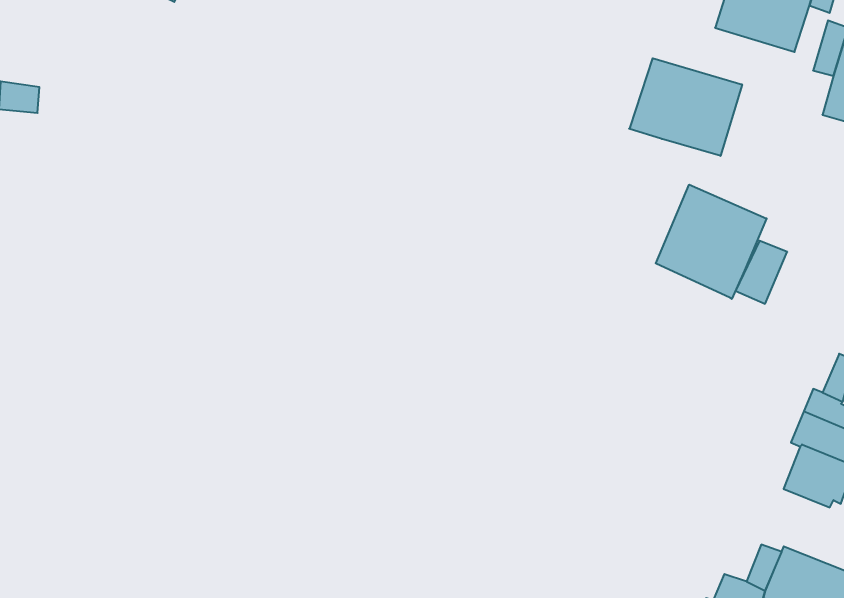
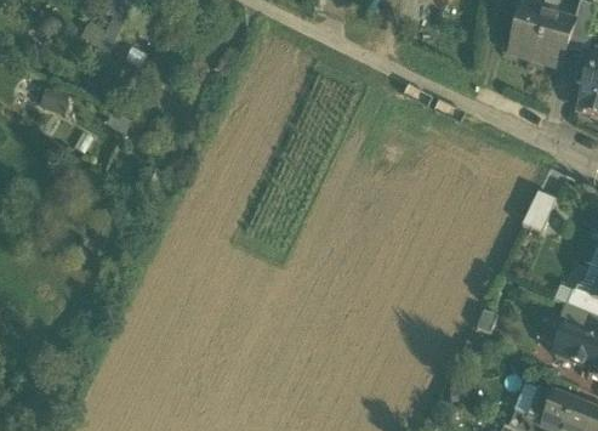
building: [629,58,742,156] -> none
building: [656,185,767,299] -> none

